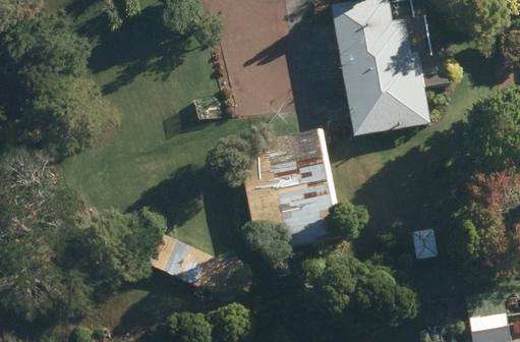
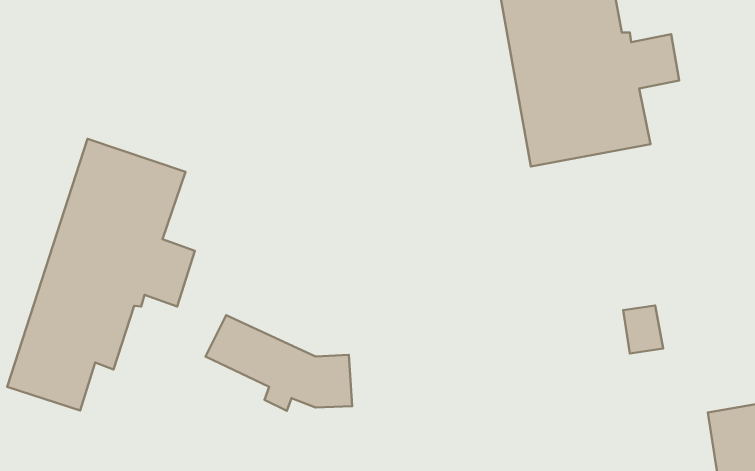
building: none -> [7,139,195,411]
building: [242,131,340,250] -> none

